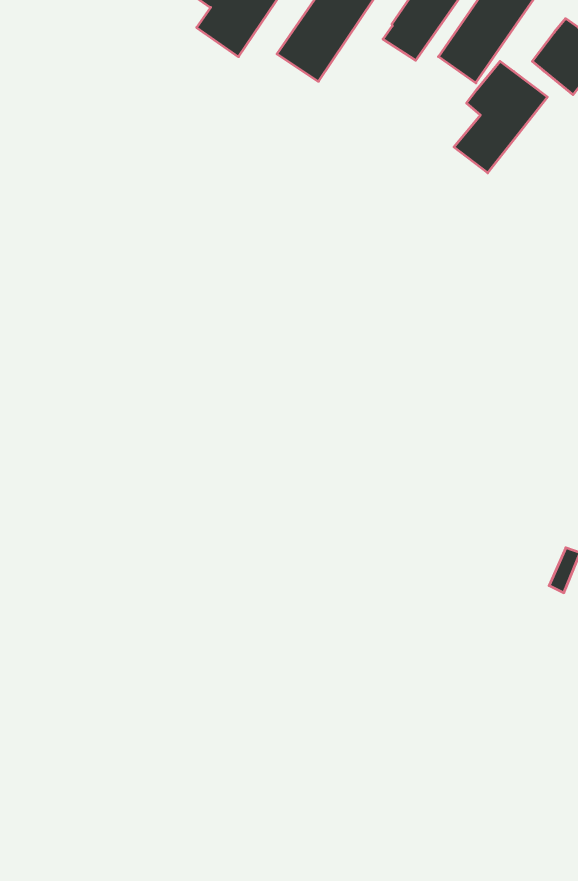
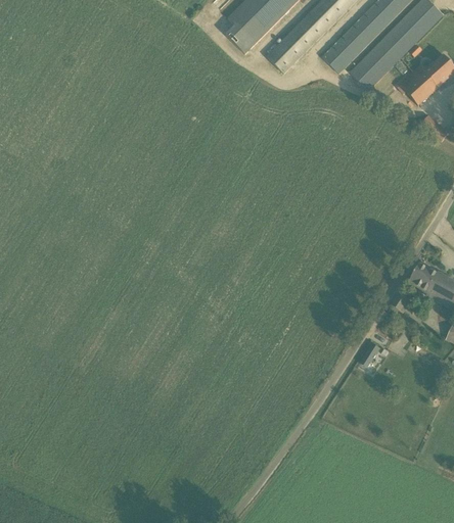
building: [454,61,547,173] -> none

